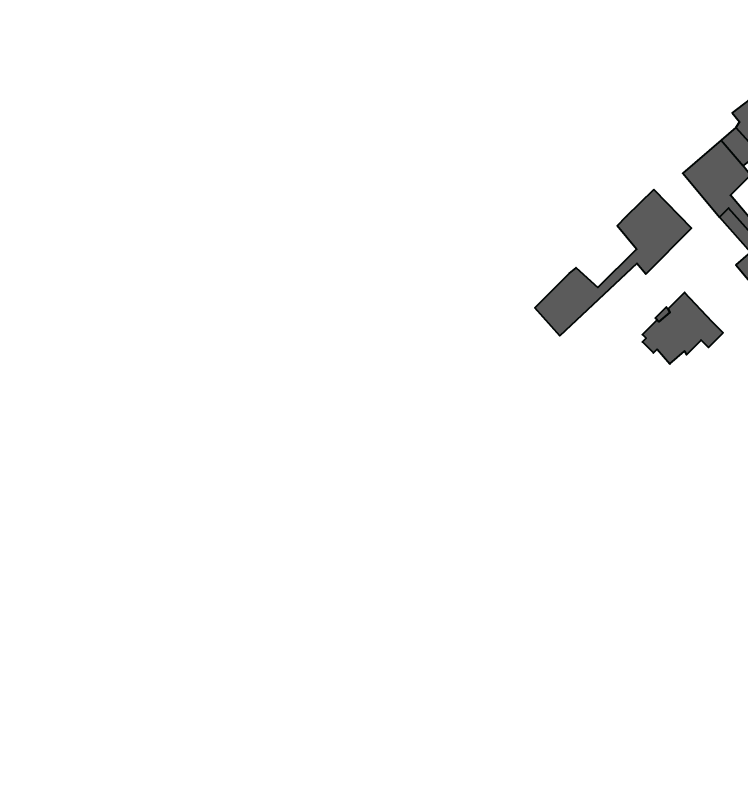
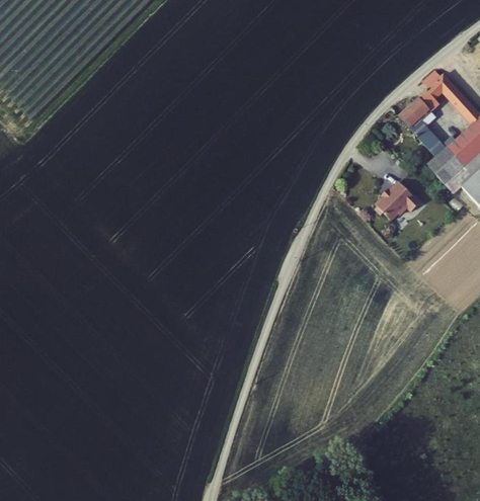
building: [535,190,691,336] -> none

